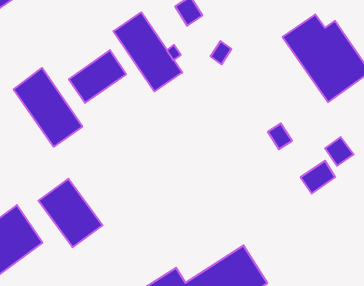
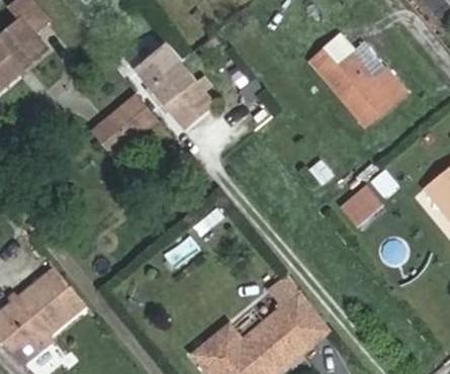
building: [14,68,82,147] -> none
building: [38,179,103,247] -> none

